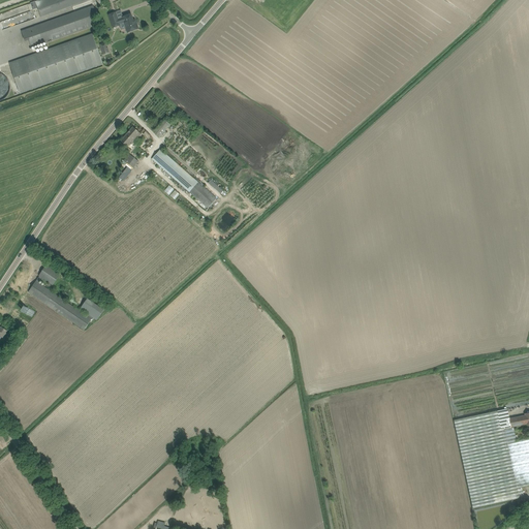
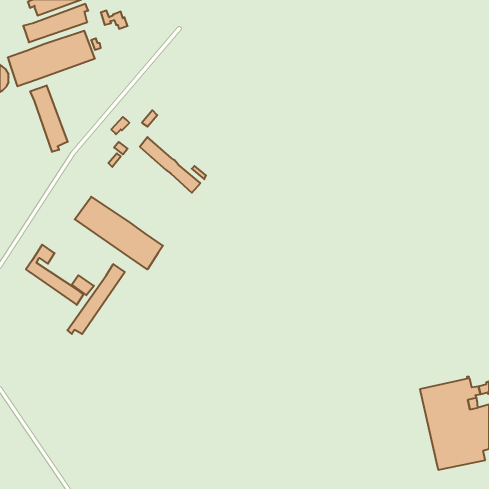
building: none -> [30,85,68,152]
building: none -> [75,197,163,269]
building: none -> [67,264,125,334]

